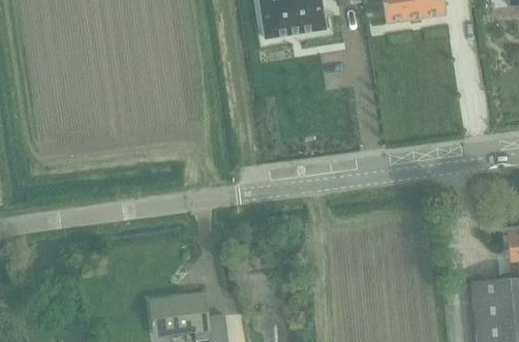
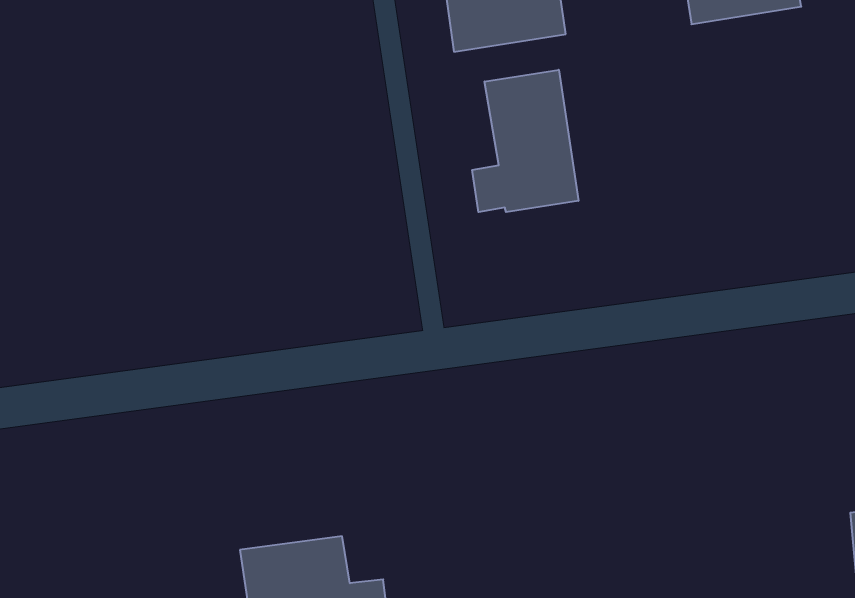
building: none -> [472,70,578,212]

